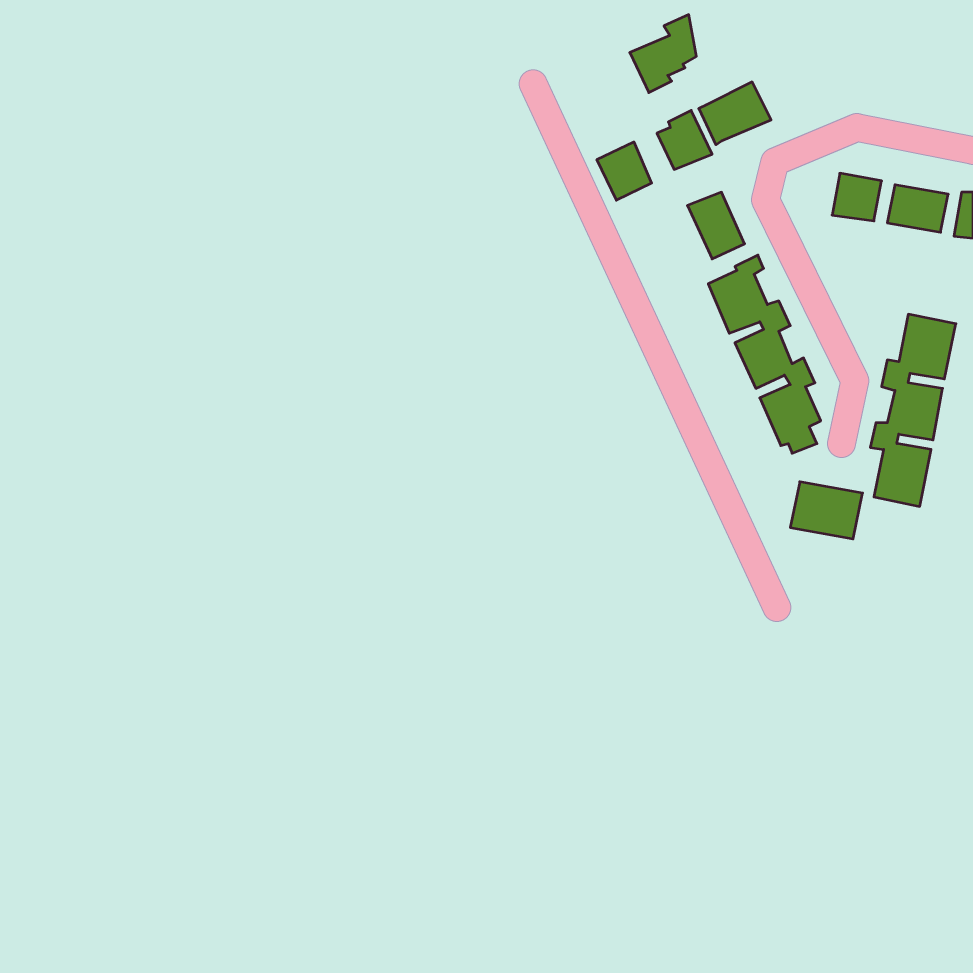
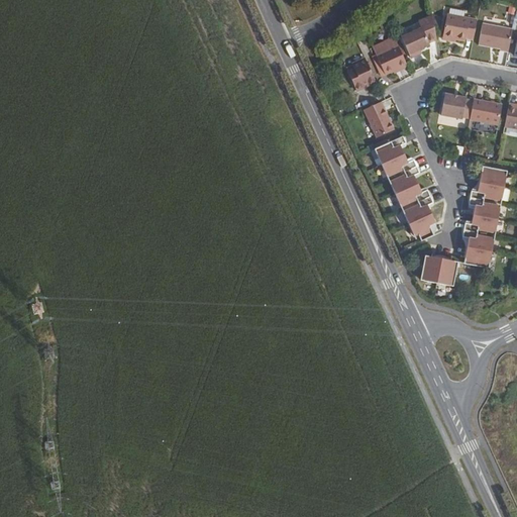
building: [630,15,696,93] -> [402,15,437,57]
building: none -> [443,12,478,39]
building: none -> [478,22,512,49]
building: [597,142,652,200] -> none

